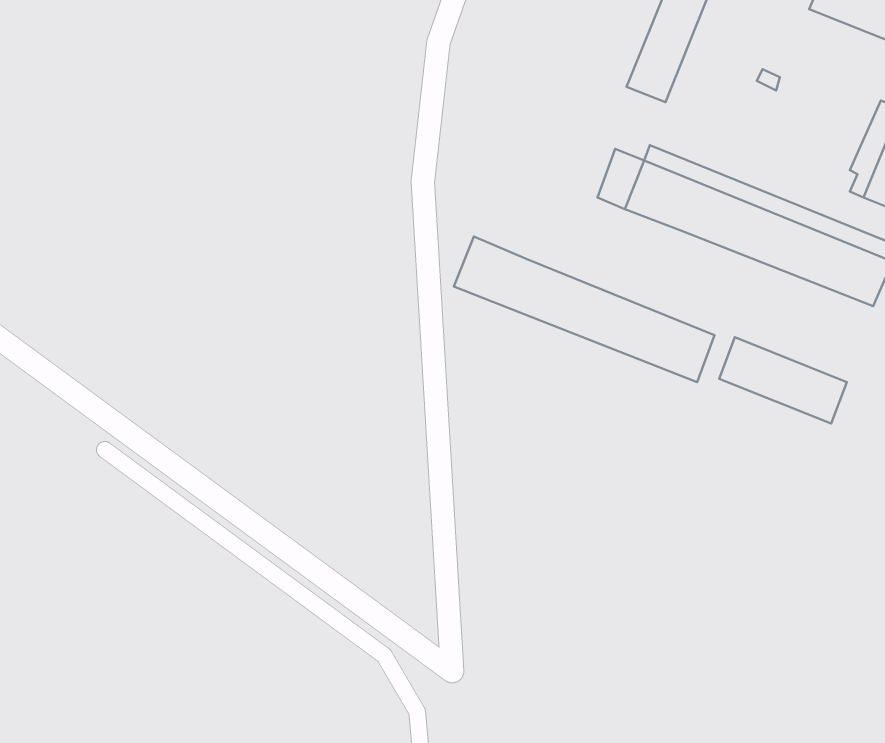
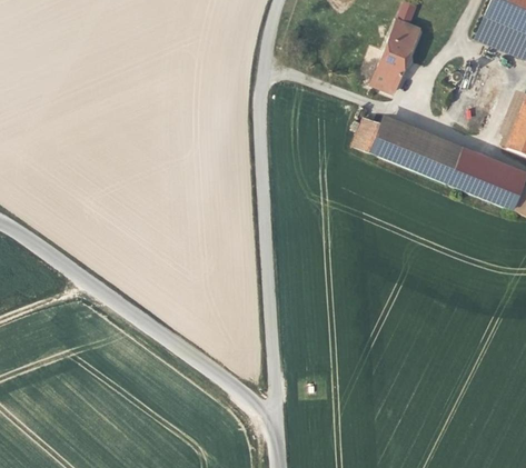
building: [454,237,714,382] -> none
building: [719,337,847,424] -> none

